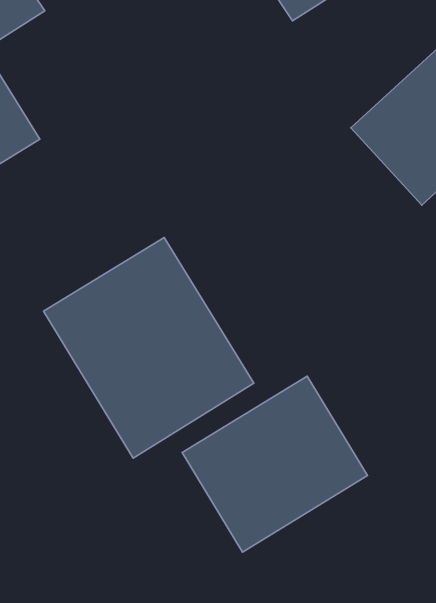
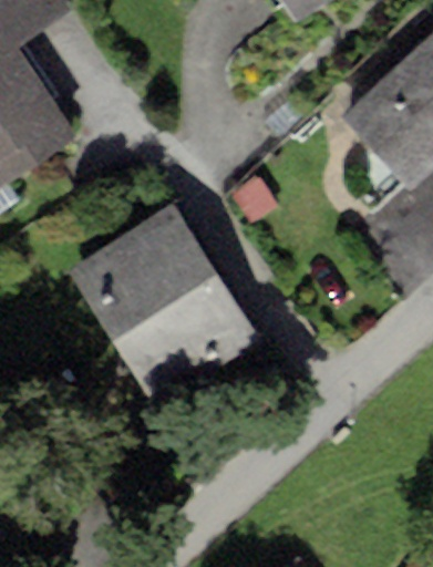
building: [182,376,368,552] -> none

